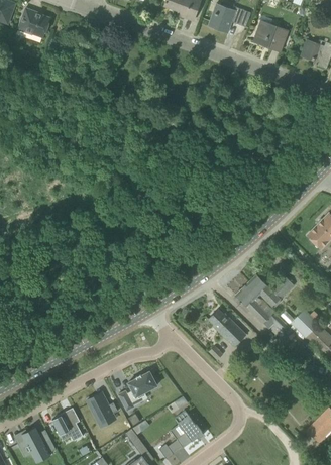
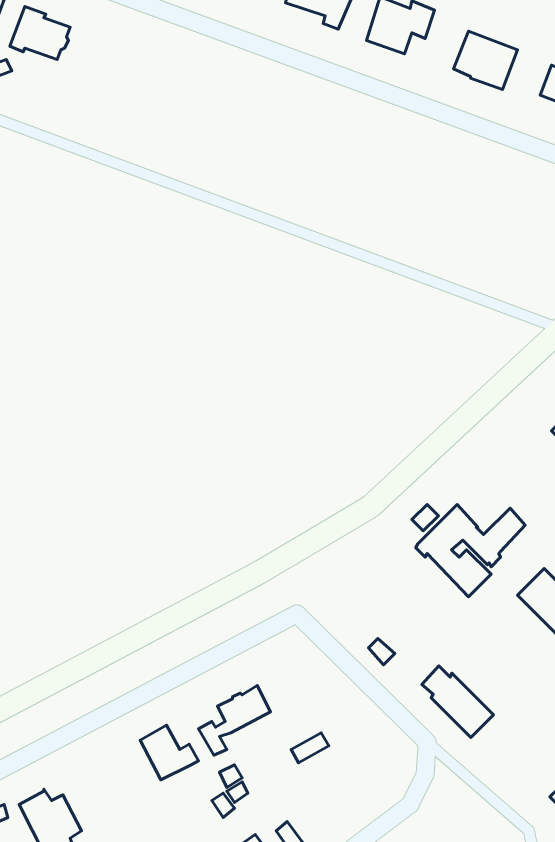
building: [208,309,246,347] -> [422,666,494,737]
building: [51,411,83,441] -> none
building: [175,411,204,448] -> none

